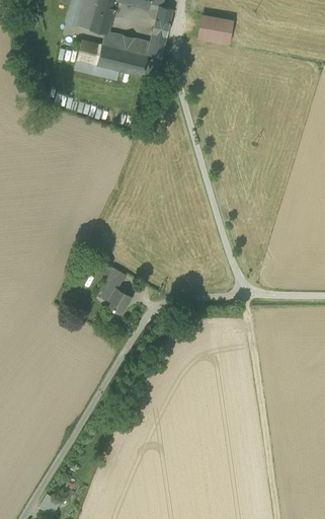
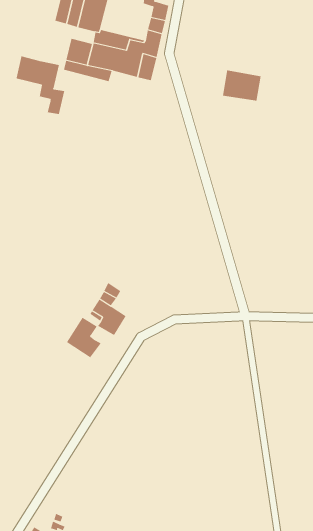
building: [196,14,233,44] -> [222,70,261,101]
building: none -> [16,56,65,115]
building: none -> [66,317,102,358]

